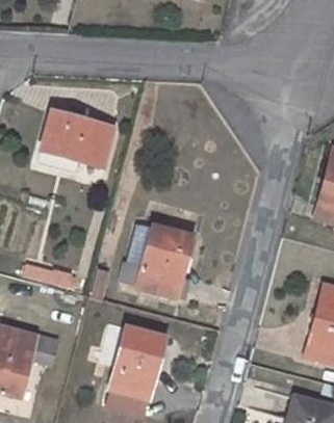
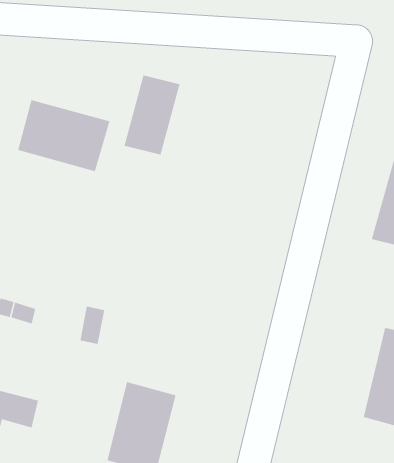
building: none -> [123,74,181,156]
building: [136,226,190,298] -> none

